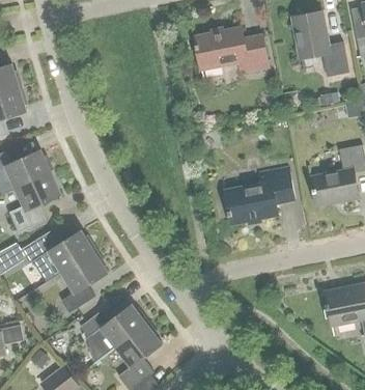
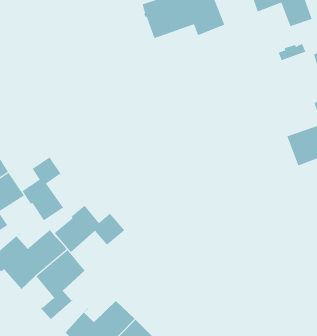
building: none -> [22,156,64,221]
building: [225,167,293,223] -> none
building: none -> [54,205,125,253]

